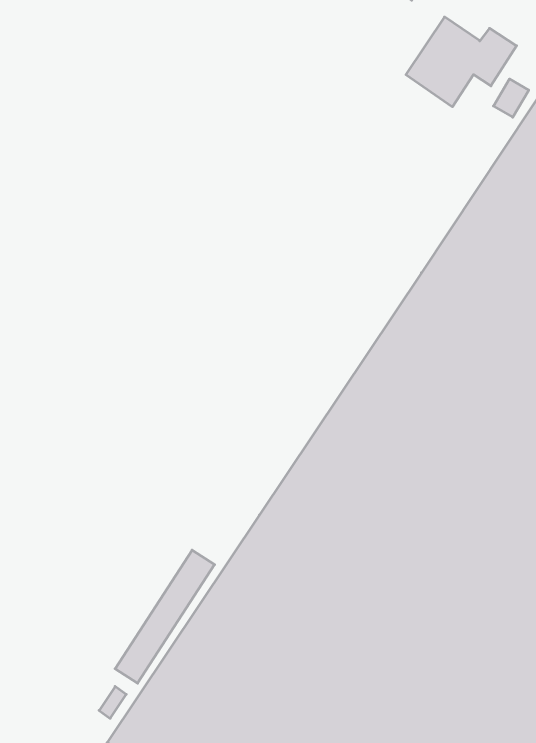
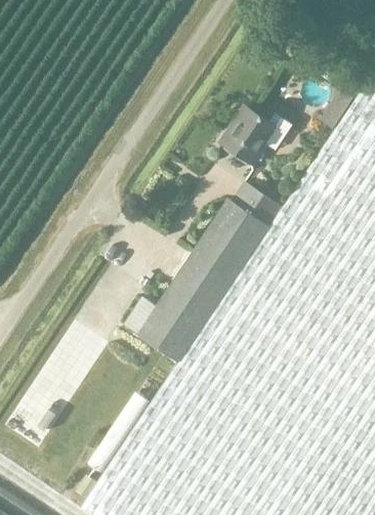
building: [406,17,517,107] -> [222,108,293,165]
building: none -> [124,183,282,363]

